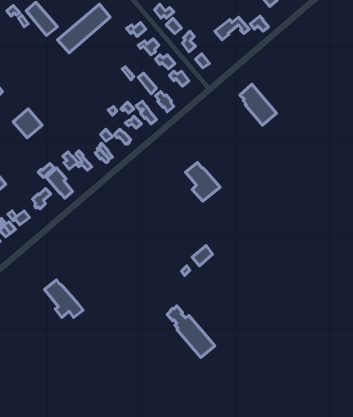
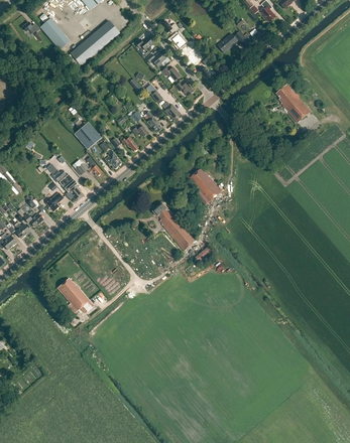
building: [240,84,277,125] -> [276,84,311,122]
building: [13,109,42,138] -> [74,122,101,149]
building: [167,306,215,358] -> [153,202,198,251]

